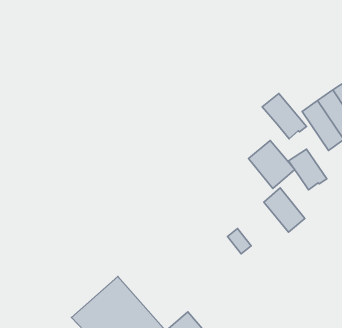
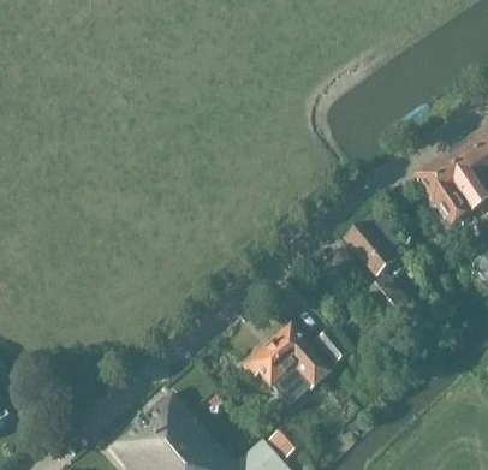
building: [262,94,306,139] -> none
building: [289,149,327,190] -> none
building: none -> [245,322,331,404]

